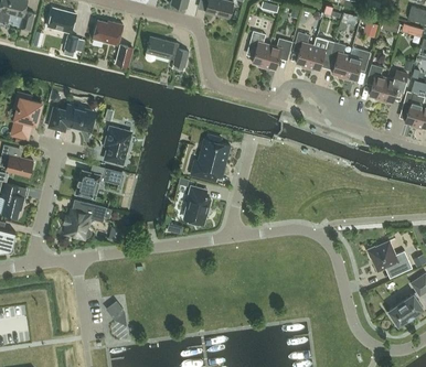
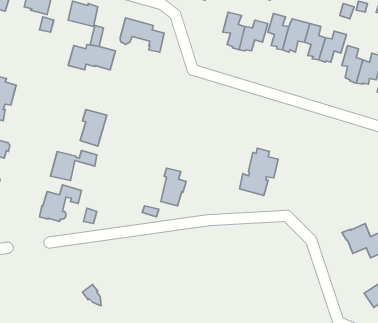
building: [49,106,96,131] -> [68,44,116,70]
building: [191,134,230,182] -> [240,148,278,196]

